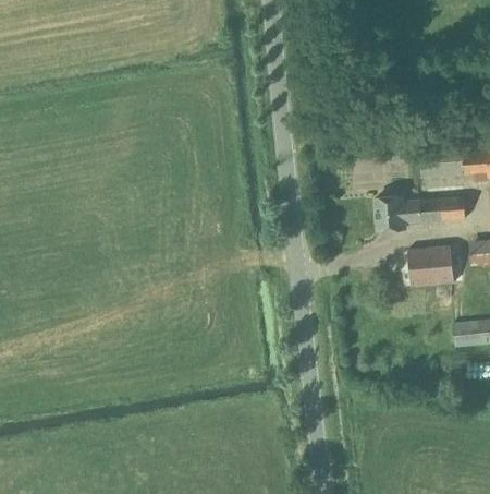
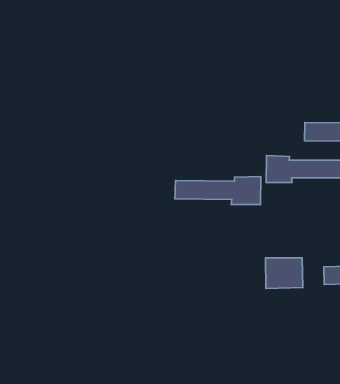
building: none -> [175,177,261,205]
building: [407,248,454,287] -> [265,258,303,288]

